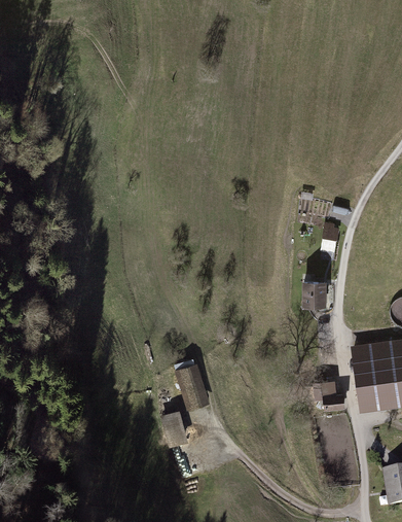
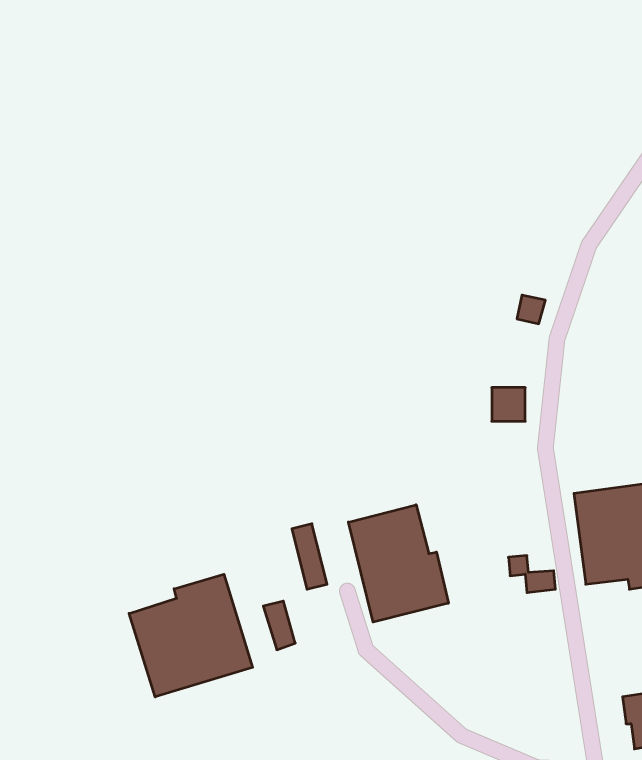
building: none -> [348,505,448,622]
building: none -> [129,574,253,697]

